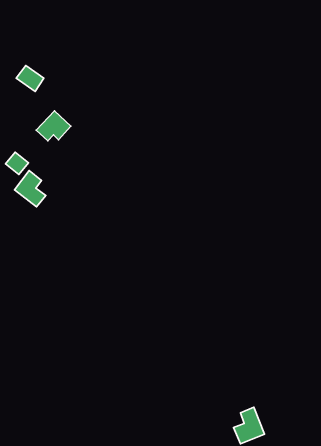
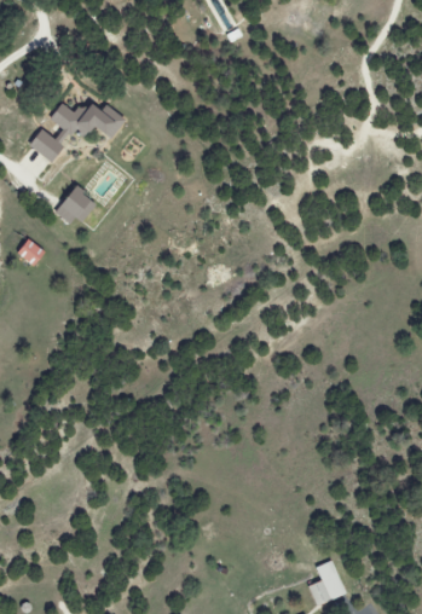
building: none -> [51,100,127,140]
building: [14,170,46,207] -> none

